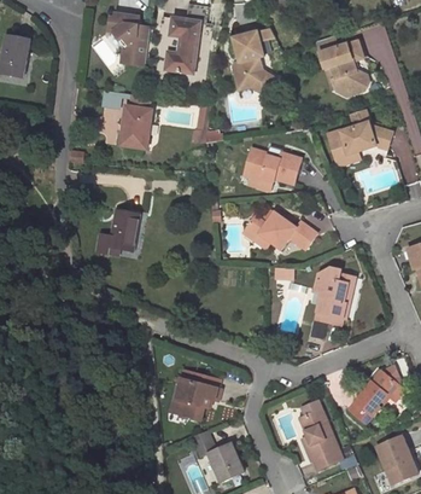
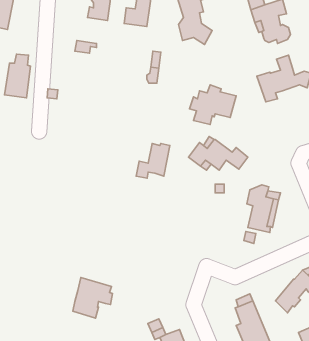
building: [119,95,151,149] -> [5,54,30,98]
building: [97,211,138,254] -> [136,143,170,178]
building: [173,370,221,419] -> [73,278,112,318]

